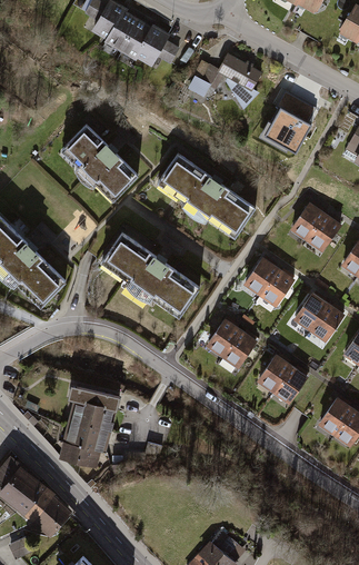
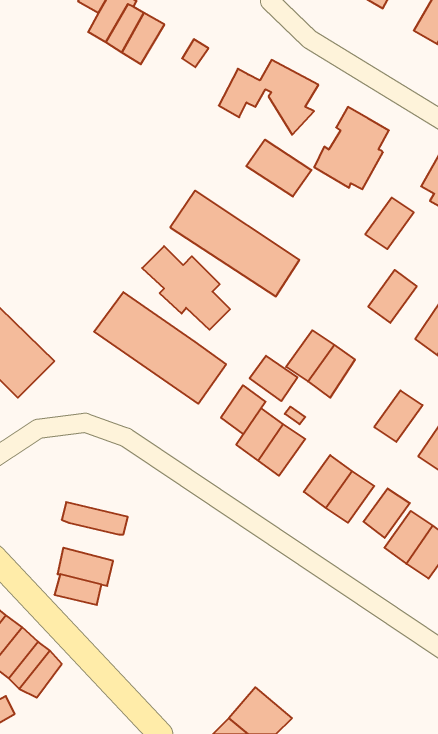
building: [131,24,169,67] -> none
building: none -> [246,140,312,197]
building: [60,127,127,190] -> [142,246,230,330]
building: [287,201,323,240] -> [365,198,414,249]
building: none -> [250,356,297,401]
building: [291,291,328,331] -> none
building: none -> [221,385,266,434]
building: none -> [363,488,410,538]
building: [72,404,114,433] -> none

